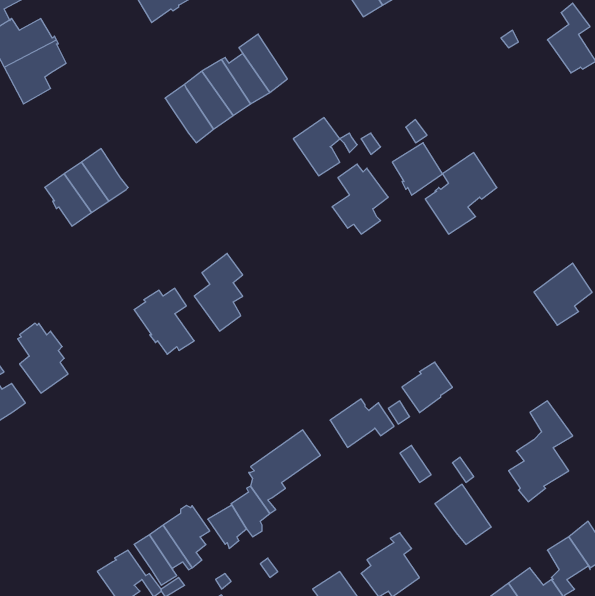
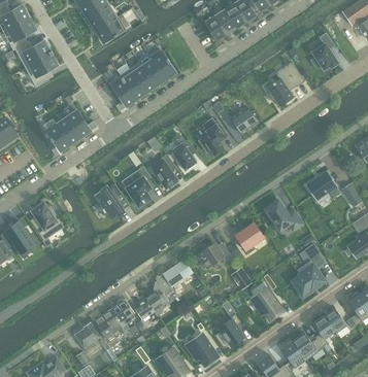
building: [293,118,340,176] -> [170,139,195,170]
building: [425,153,497,234] -> [266,63,304,106]
building: none -> [150,156,177,188]
building: none -> [264,201,302,231]

